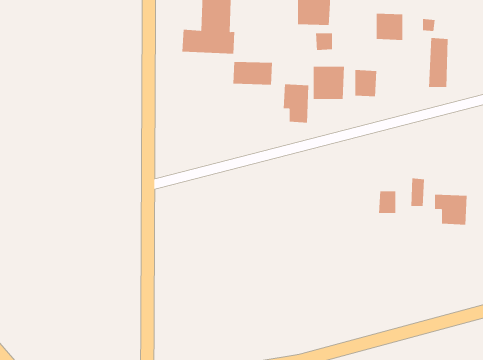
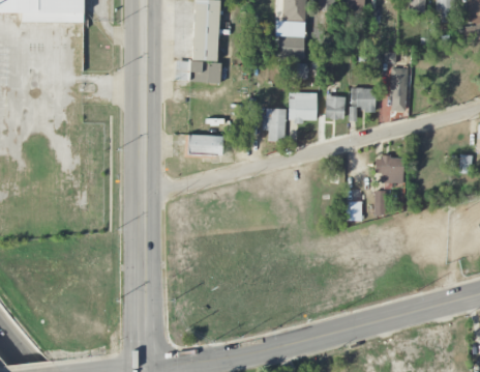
building: [376,13,403,40] -> [351,87,374,111]
building: [232,61,273,85] -> [187,135,222,155]
building: [434,194,467,225] -> [374,156,403,183]

